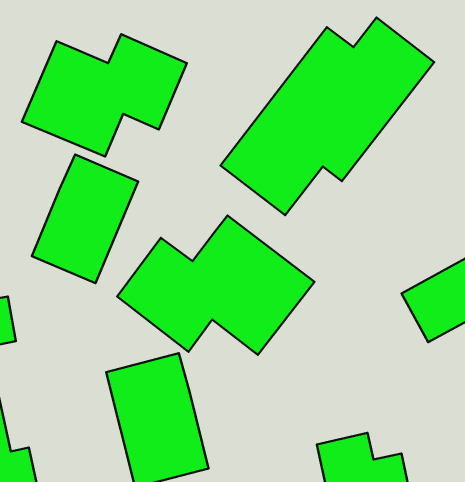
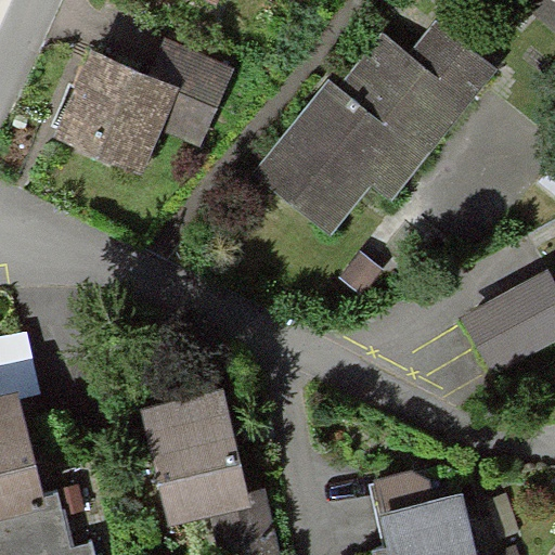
building: [32,154,138,283] -> none
building: [117,216,315,355] -> none

